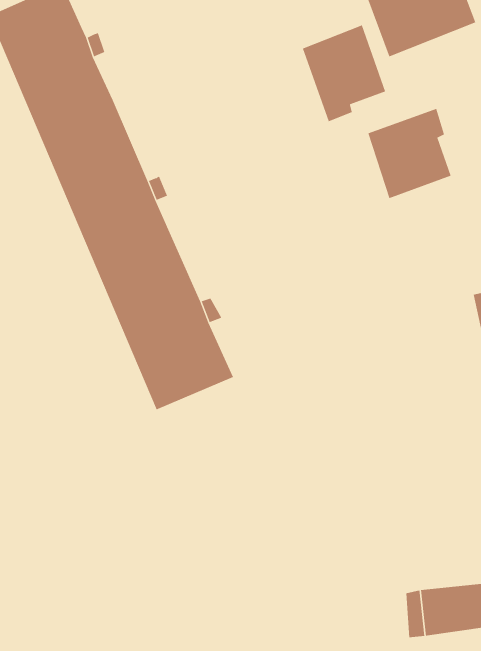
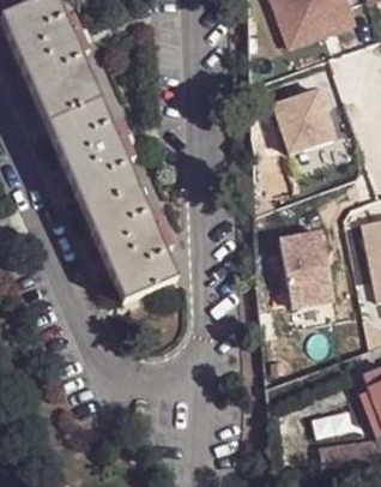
building: [302,24,386,122] -> none
building: none -> [267,223,322,297]

